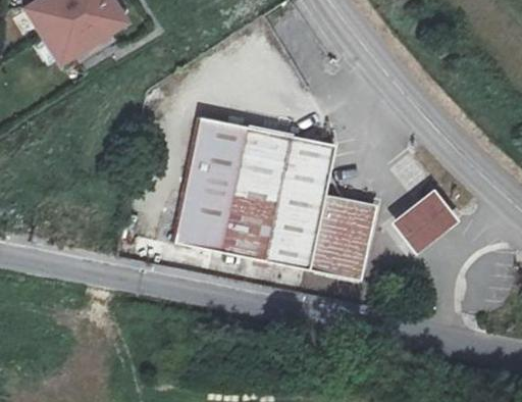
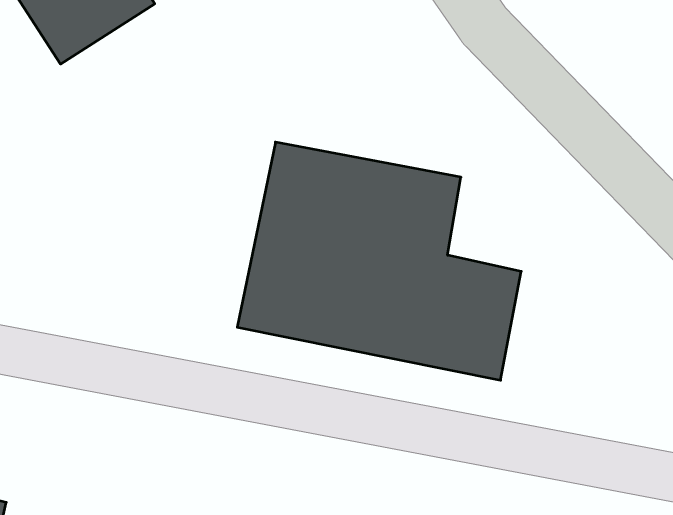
building: [388,192,456,255] -> none

